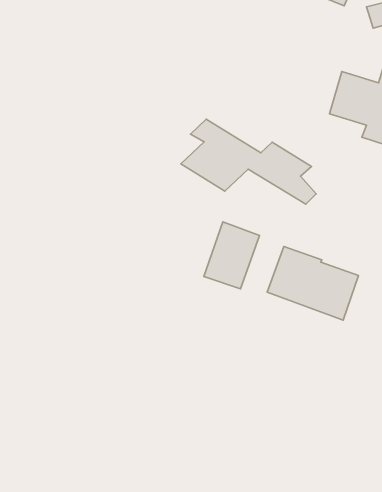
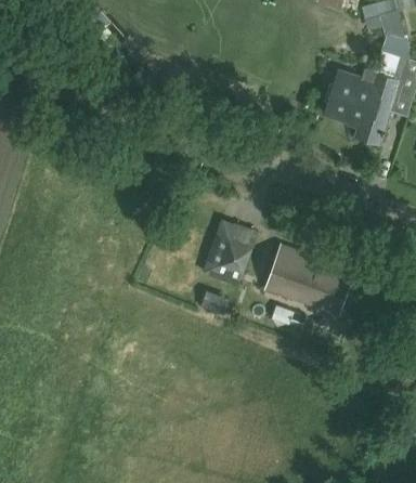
building: [181,119,316,204] -> none

